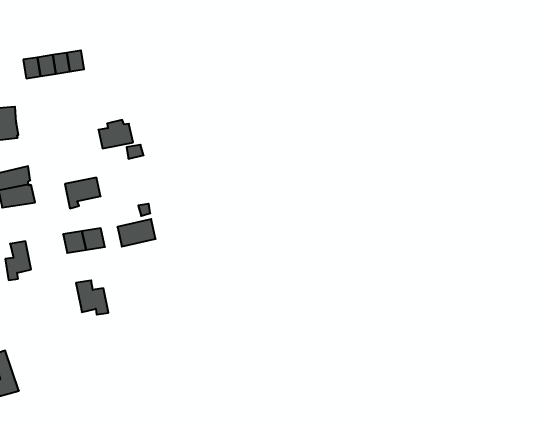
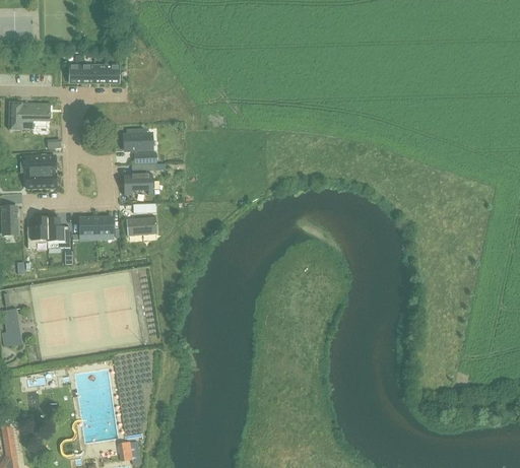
building: [65,178,101,208] -> [122,172,150,194]
building: [76,280,108,315] -> [46,218,69,248]

